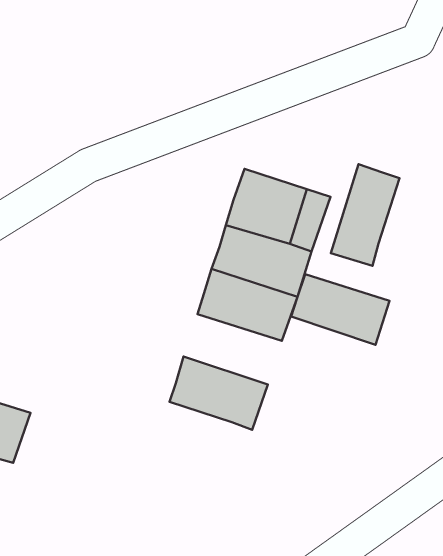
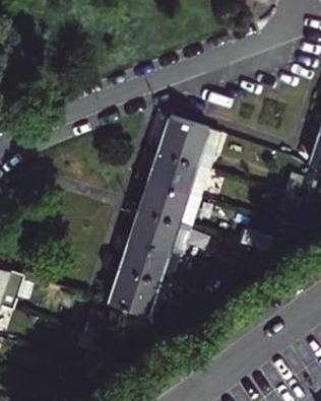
building: [331,164,400,266] -> none
building: [291,274,389,345] -> [127,214,191,260]
building: none -> [108,271,158,316]

